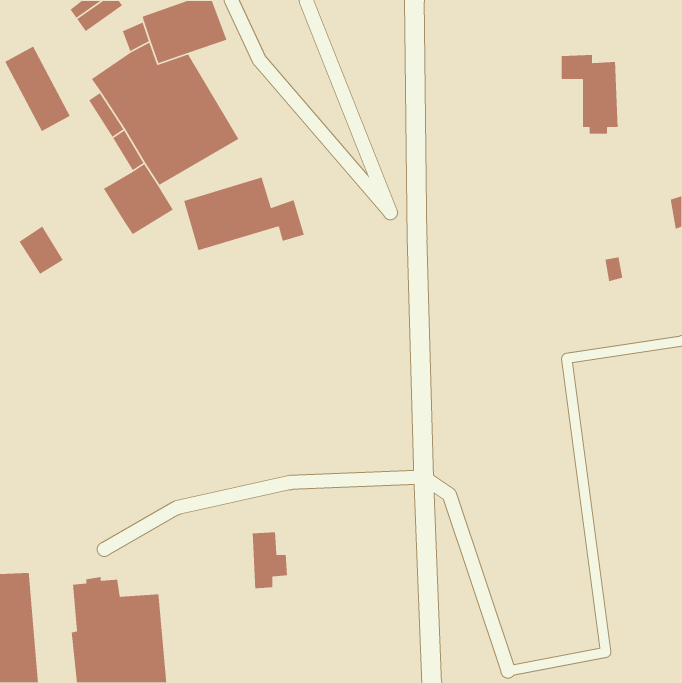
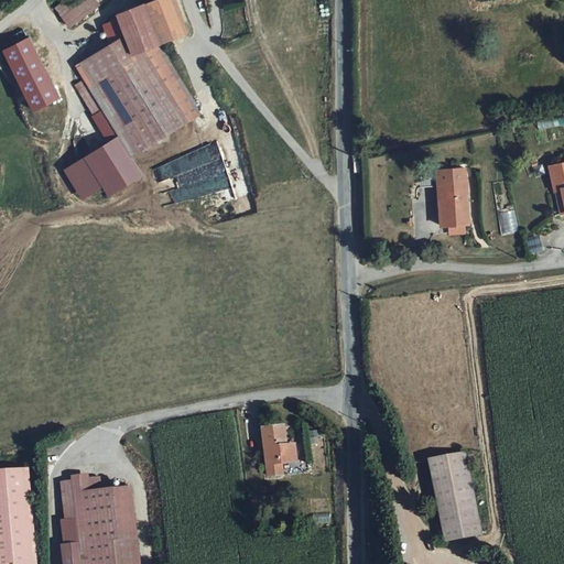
building: [561,54,618,135] -> [420,164,467,230]
building: [18,225,64,275] -> [65,155,102,196]
building: [252,532,288,589] -> [264,425,294,473]
building: none -> [435,451,486,538]

